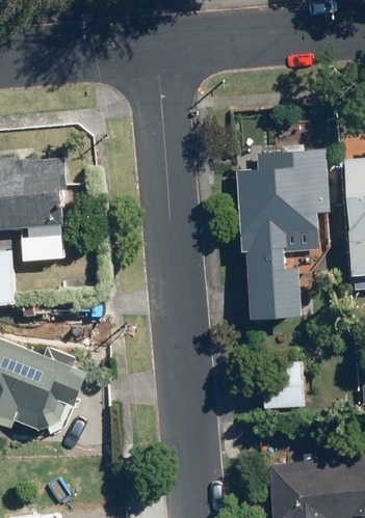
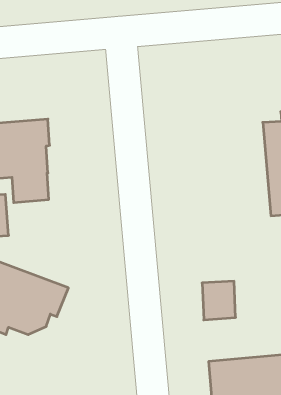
building: [235,148,333,320] -> none

